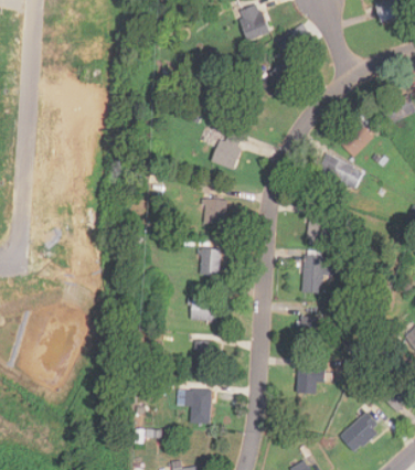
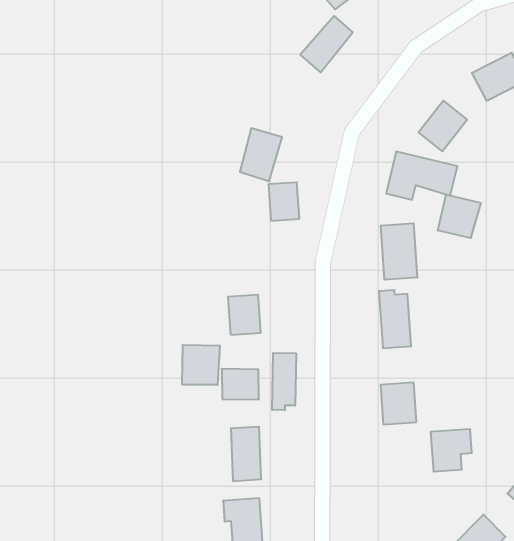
building: none -> [438,195,481,238]
building: [203,200,223,225] -> [268,182,299,221]
building: none -> [182,345,220,385]
building: none -> [272,353,296,410]
building: [297,366,324,394] -> [431,429,472,472]

